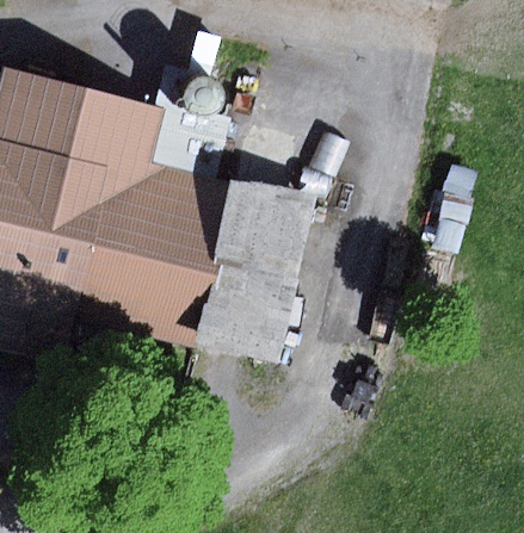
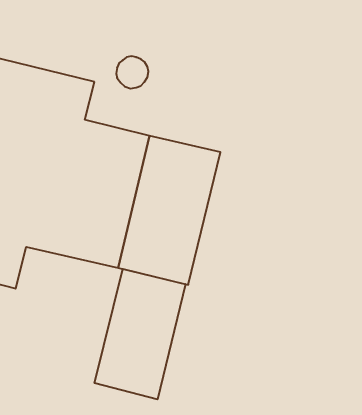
building: none -> [95,269,185,399]

